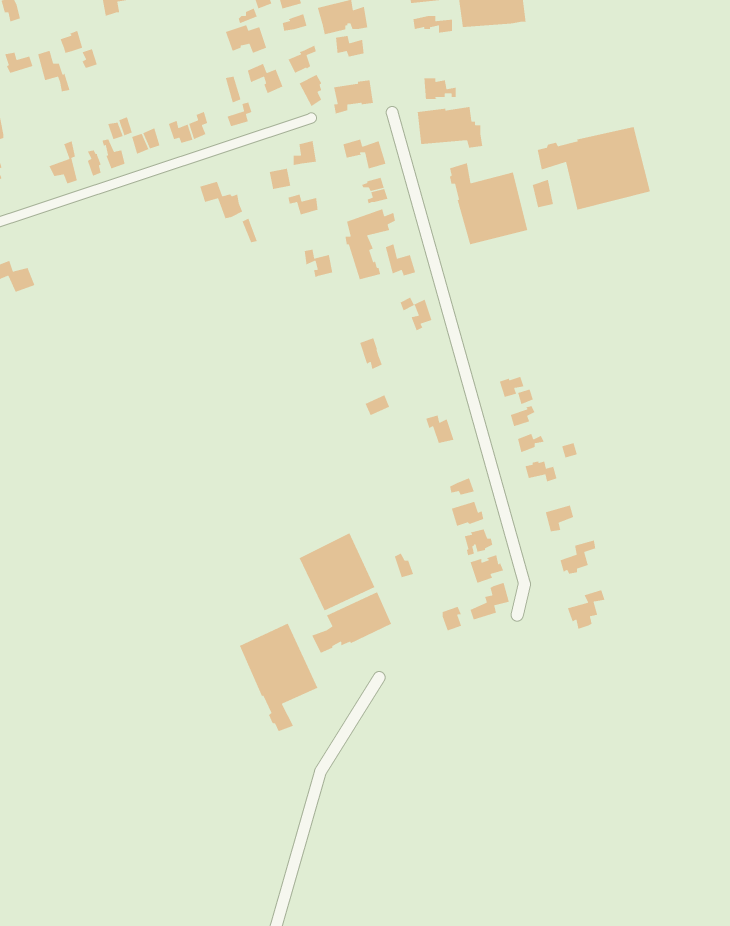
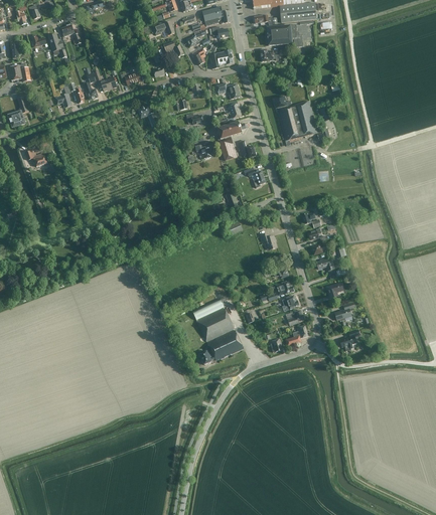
building: [417,106,483,148] -> [266,24,302,47]
building: [537,126,651,210] -> none
building: [239,623,318,732] -> none

